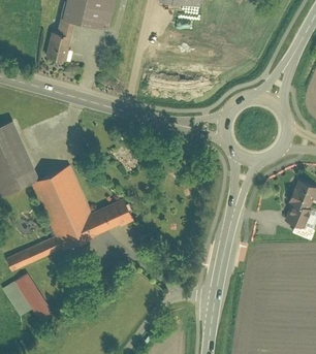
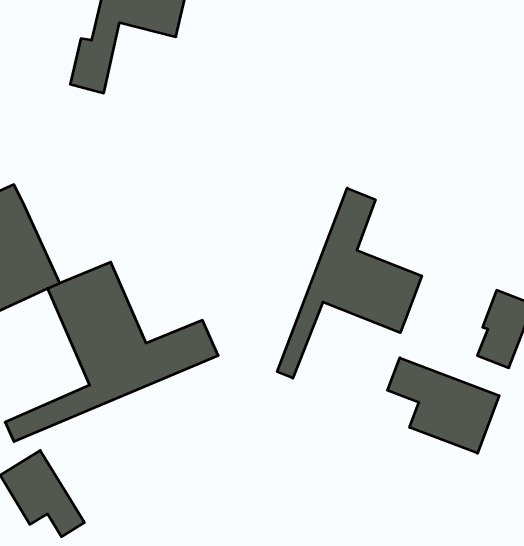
building: none -> [277,188,422,378]
building: none -> [387,358,499,453]

